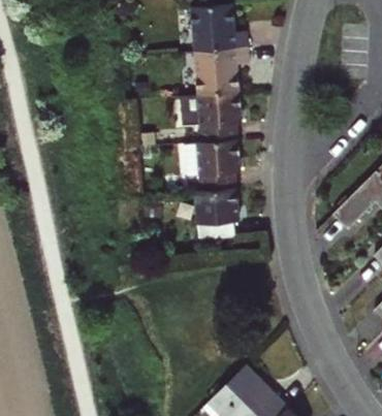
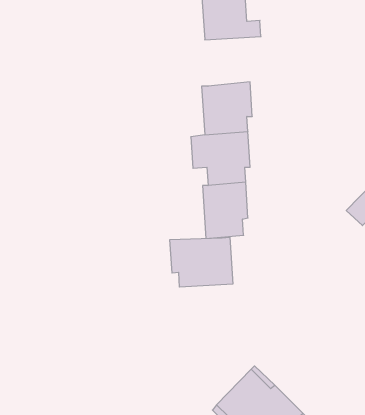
building: [196,46,251,94] -> none
building: none -> [170,237,233,287]

